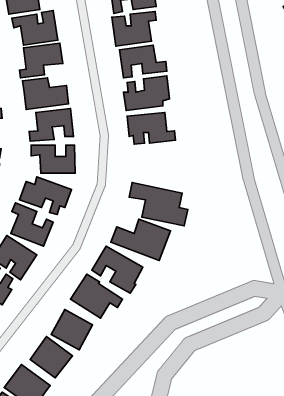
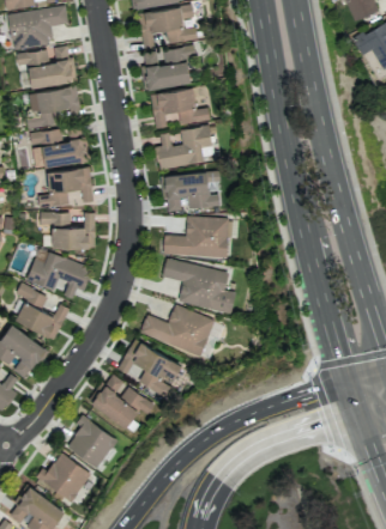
building: none -> [163,218,230,257]

